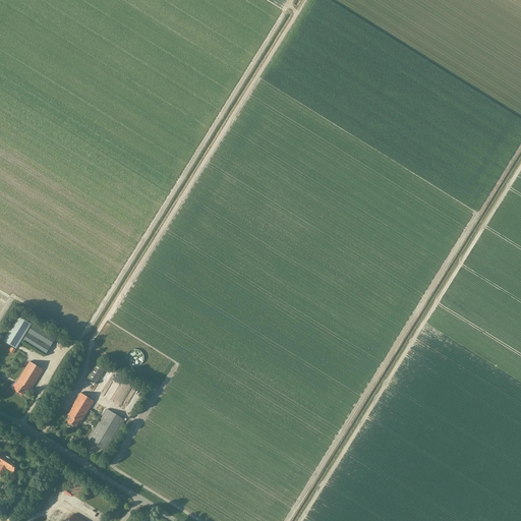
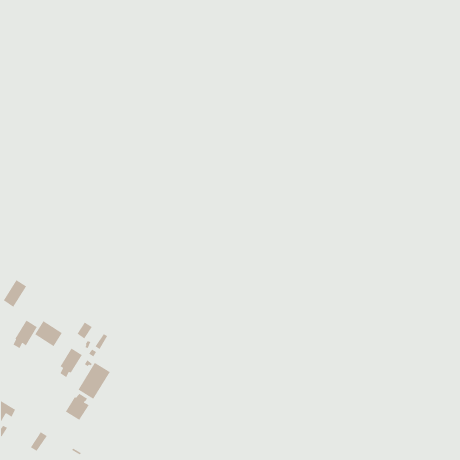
building: [22,325,55,355] -> [34,320,63,347]
building: none -> [65,393,90,421]

